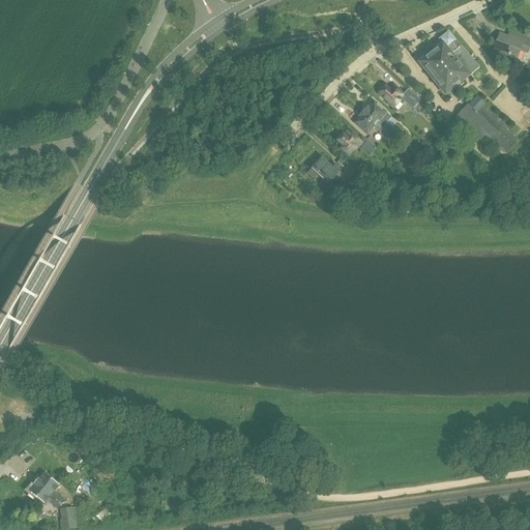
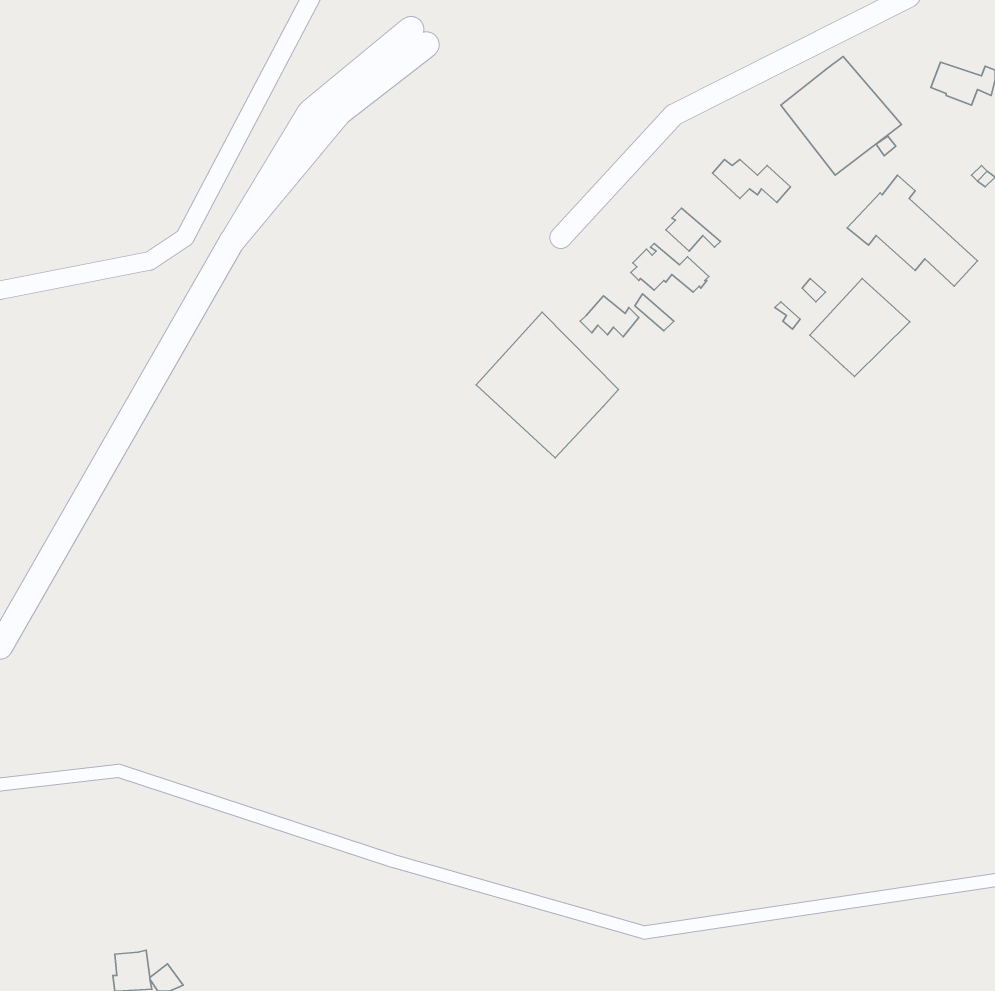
building: [362,100,394,132] -> none
building: none -> [810,279,910,377]
building: none -> [476,312,618,458]
building: [28,472,61,505] -> none

